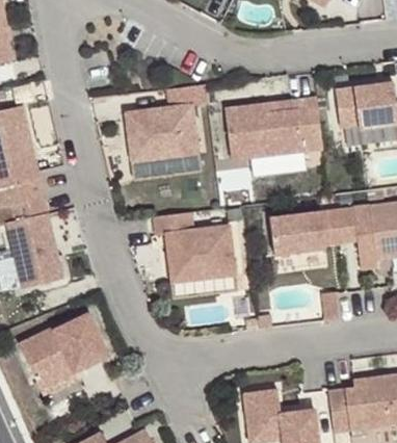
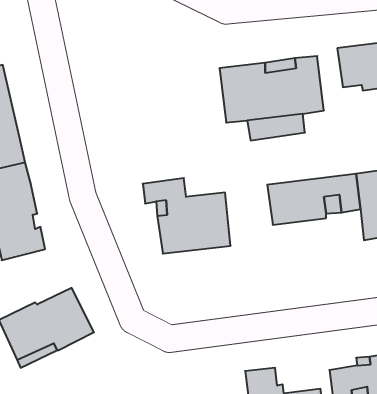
building: [125,83,207,161] -> none

